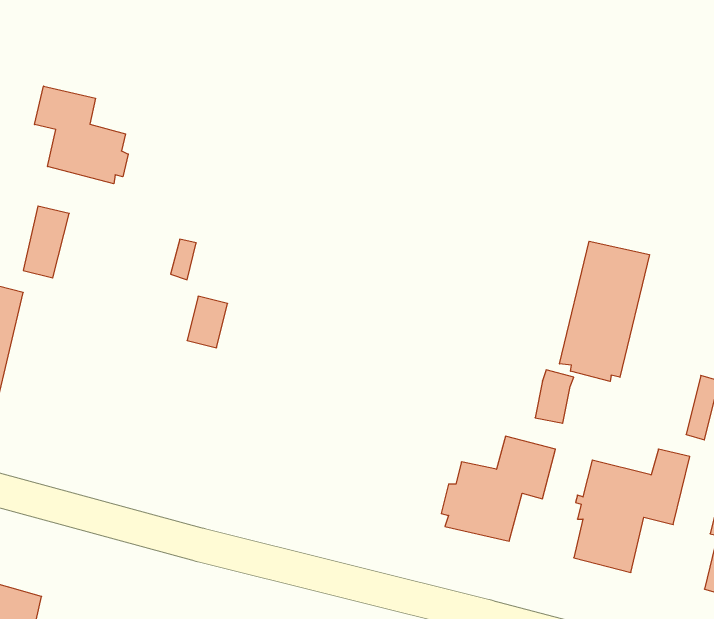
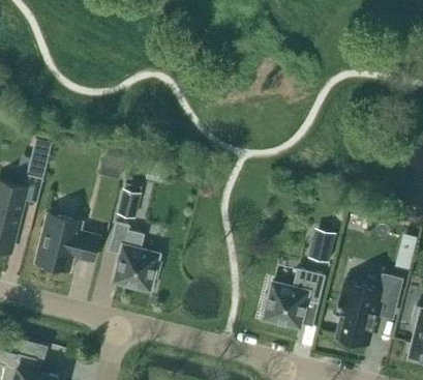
building: [35,86,128,184] -> none
building: [560,241,649,381] -> none
building: none -> [36,214,99,272]
building: none -> [109,222,160,291]

